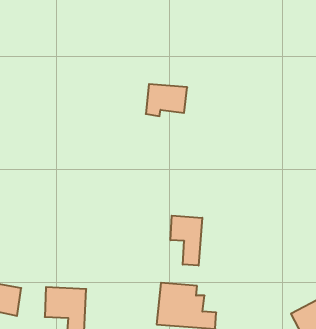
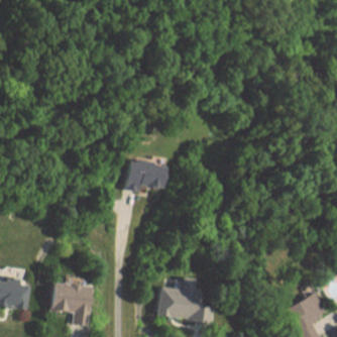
building: [146,84,187,116] -> [125,160,164,191]
building: [171,216,202,266] -> none

